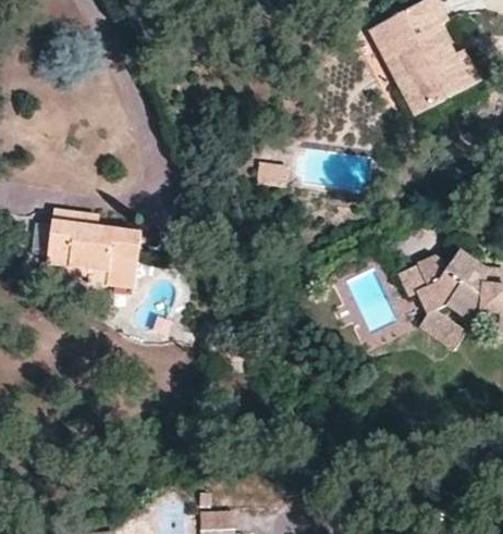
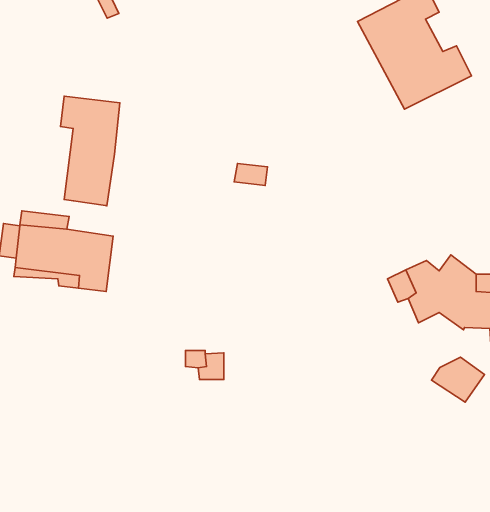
building: none -> [61,96,120,206]
building: [421,303,471,346] -> [432,357,485,402]

